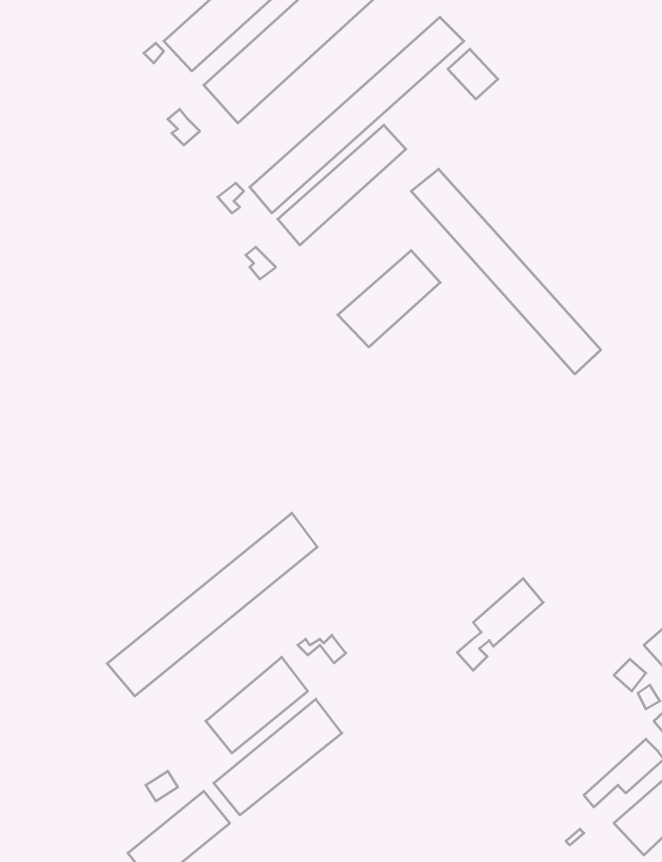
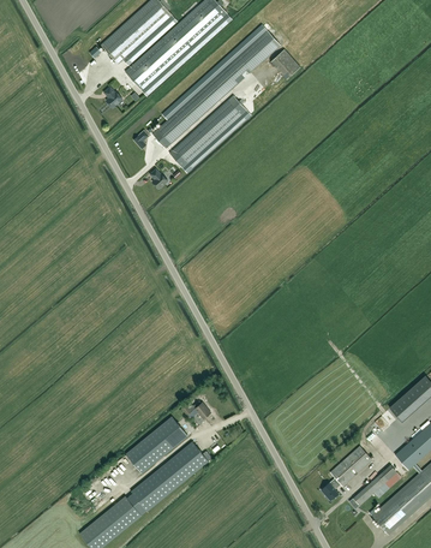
building: [411,169,601,374] -> none
building: [338,250,440,347] -> none
building: [107,513,317,696] -> none
building: [457,578,543,670] -> [321,445,372,500]

